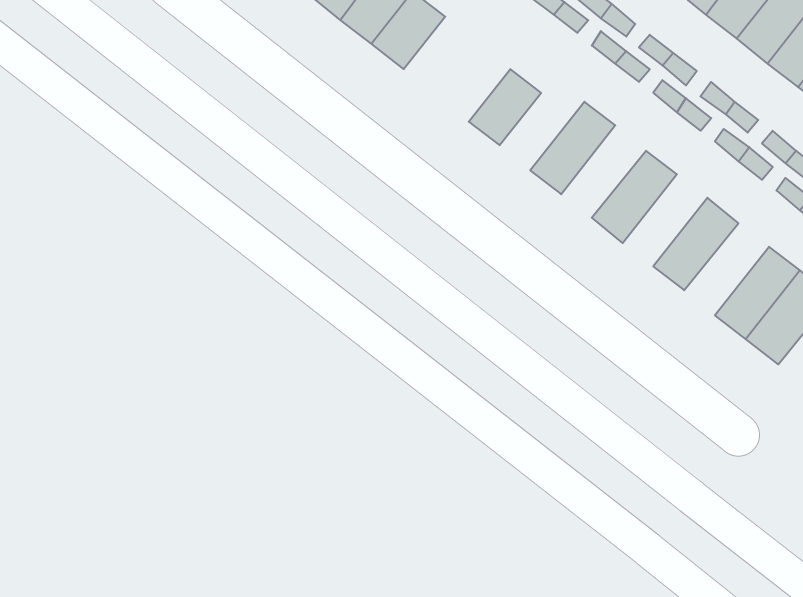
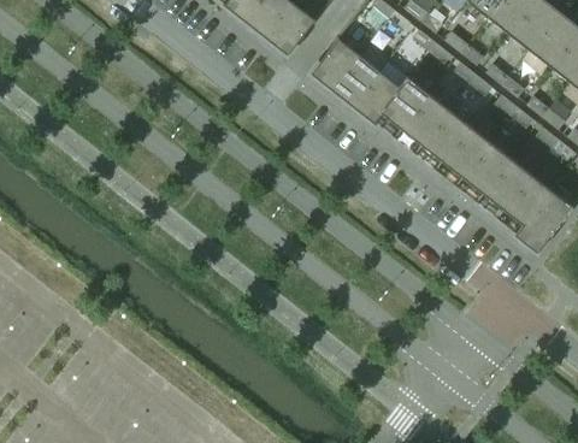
building: none -> [311,37,359,89]
building: none -> [352,70,408,122]
building: none -> [393,91,449,153]
building: none -> [434,124,490,185]
building: none -> [474,156,531,218]

